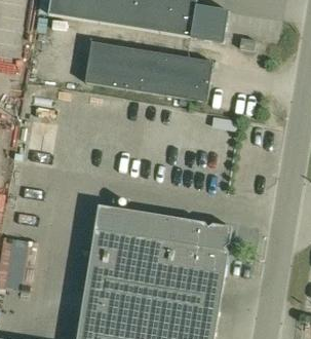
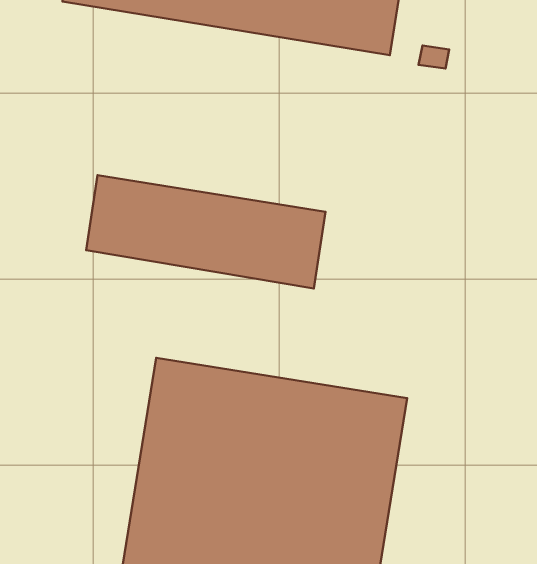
building: [84,42,212,103] -> [86,175,325,288]

